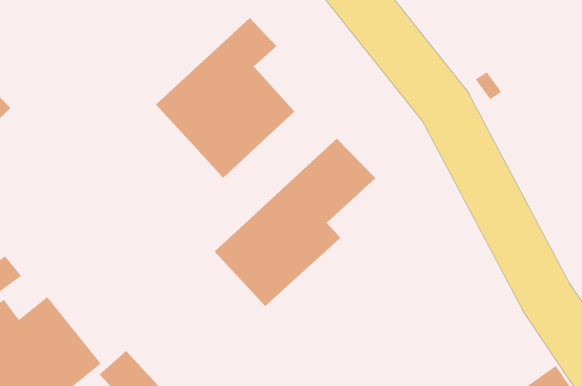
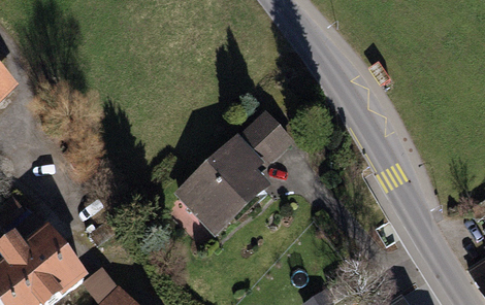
building: [155,17,295,178] -> none

